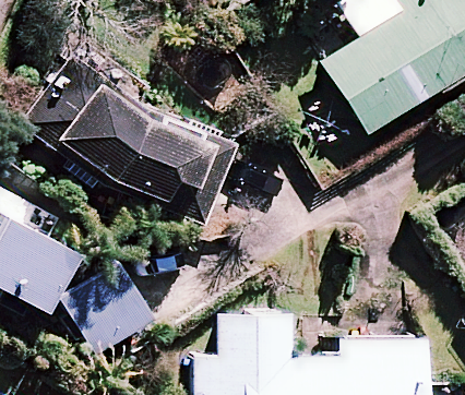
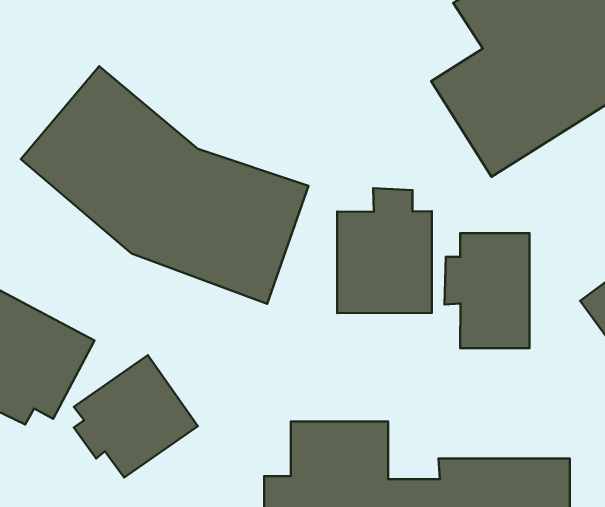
building: none -> [337,188,432,313]
building: none -> [444,233,530,348]

